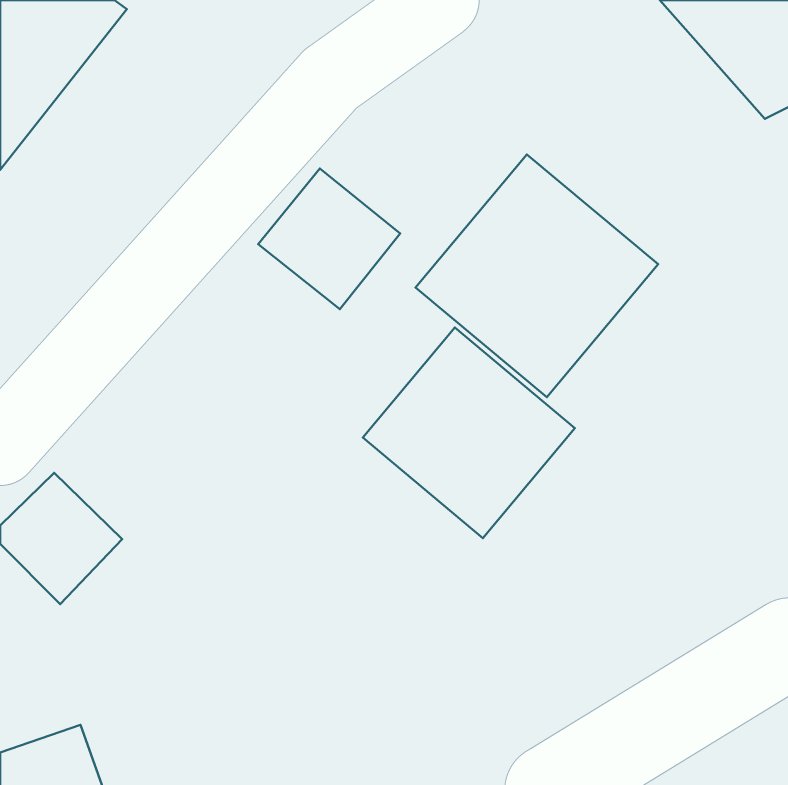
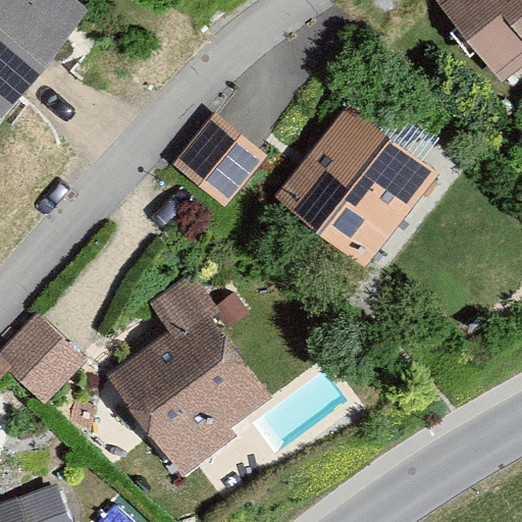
building: [363,328,575,538] -> none
building: none -> [109,278,270,469]

